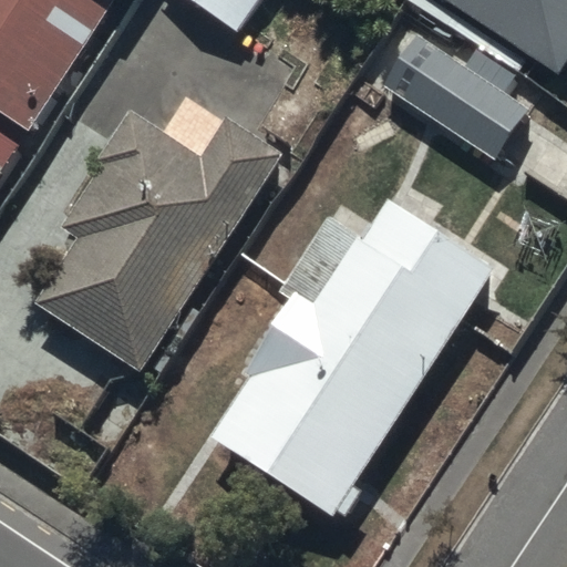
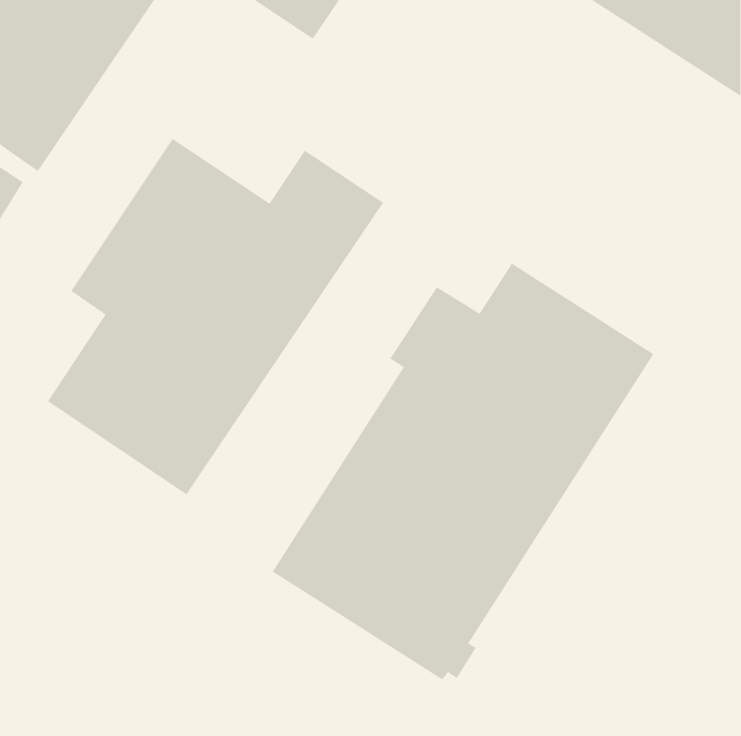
building: [370,28,528,157] -> none

